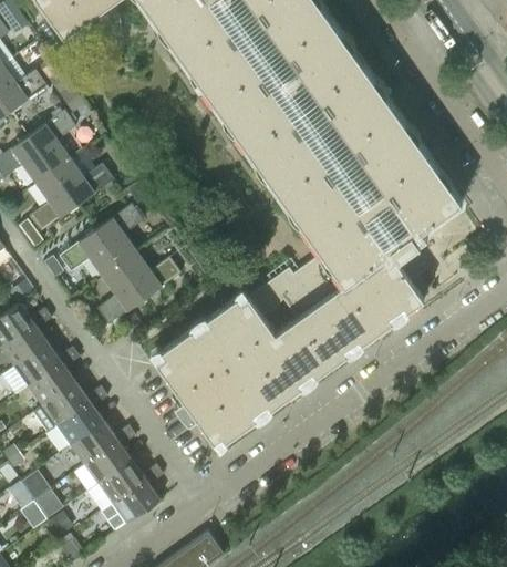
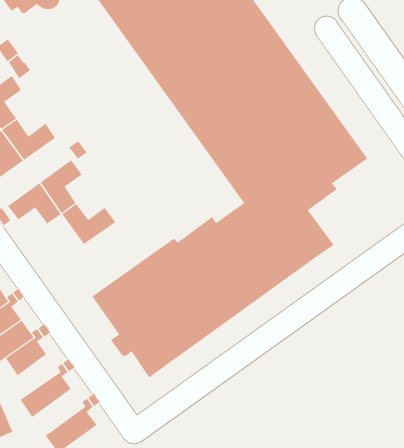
building: [96,266,144,326] -> none
building: [70,422,117,465] -> none
building: [86,461,145,513] -> none

